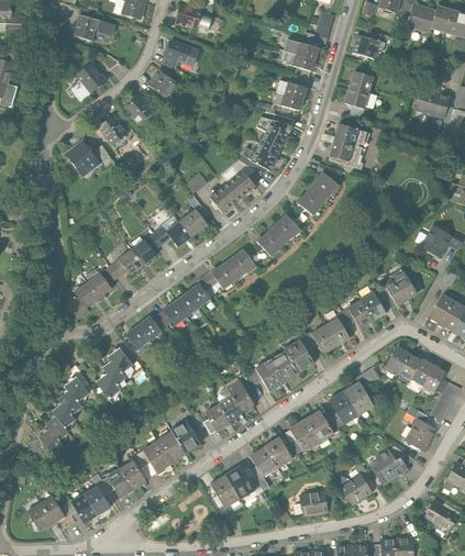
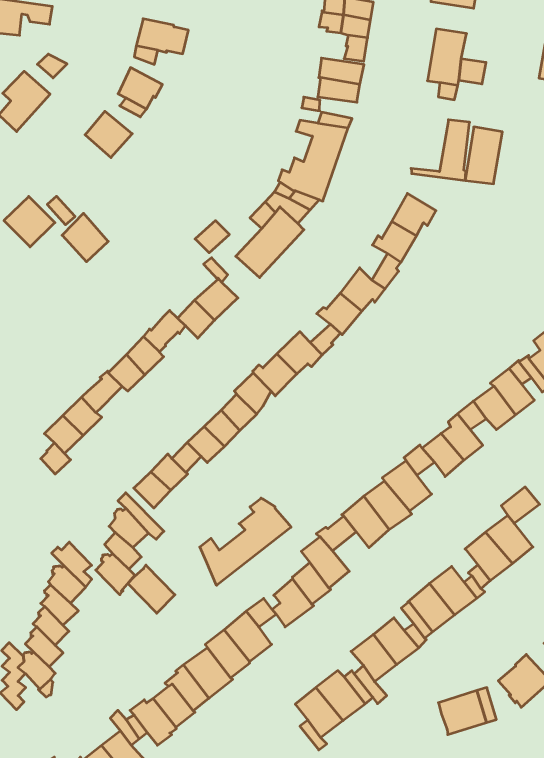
building: [99,114,128,145] -> [62,213,108,262]
building: [328,123,355,160] -> [465,127,502,184]
building: none -> [200,498,291,585]
building: none -> [128,565,175,613]

